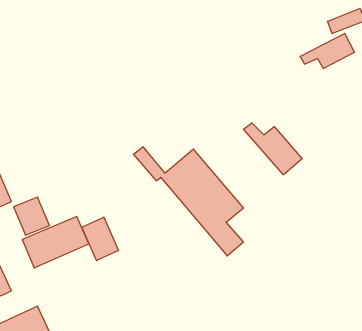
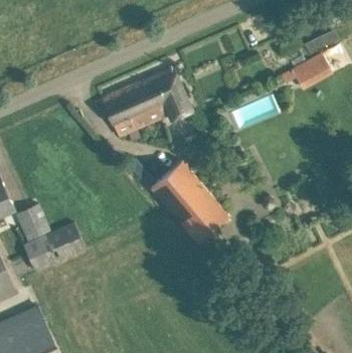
building: none -> [102,66,190,135]
building: [244,123,302,175] -> none
building: [82,217,118,261] -> none

